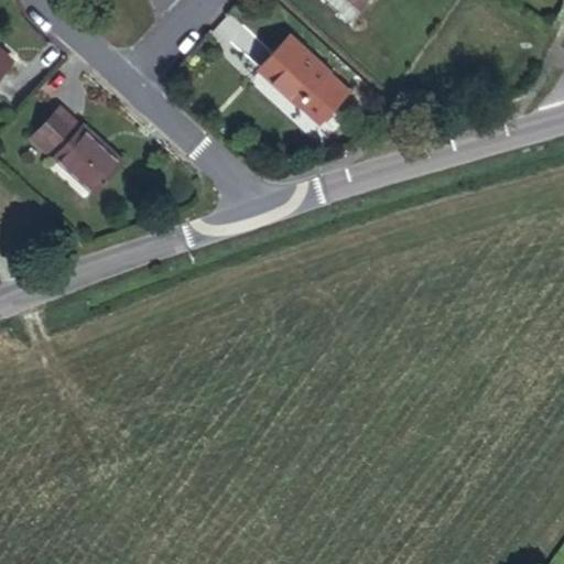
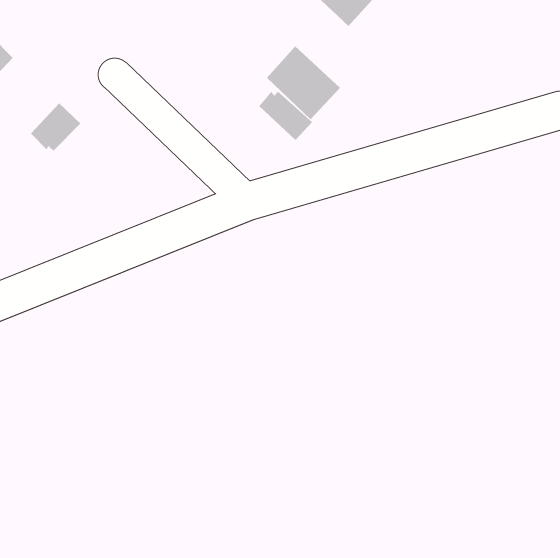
building: none -> [259,91,313,141]
building: [52,119,124,192] -> none

